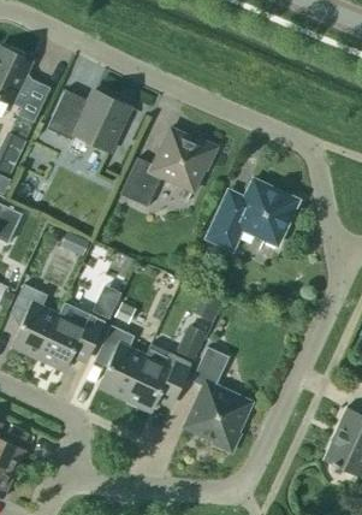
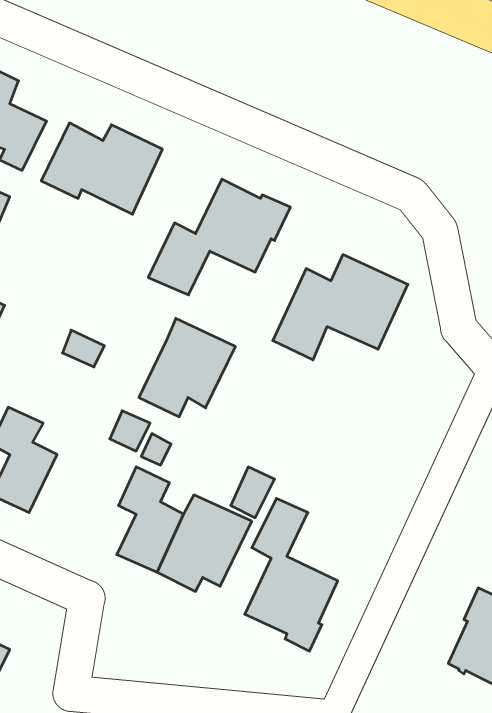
building: [38,302,105,369] -> [139,318,235,417]

